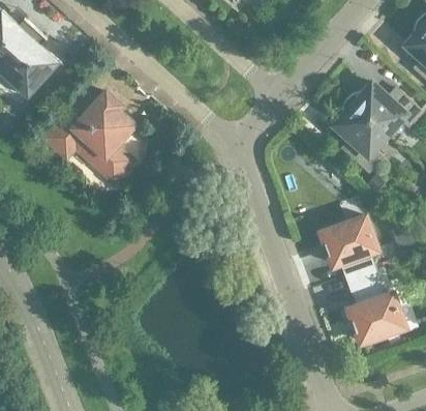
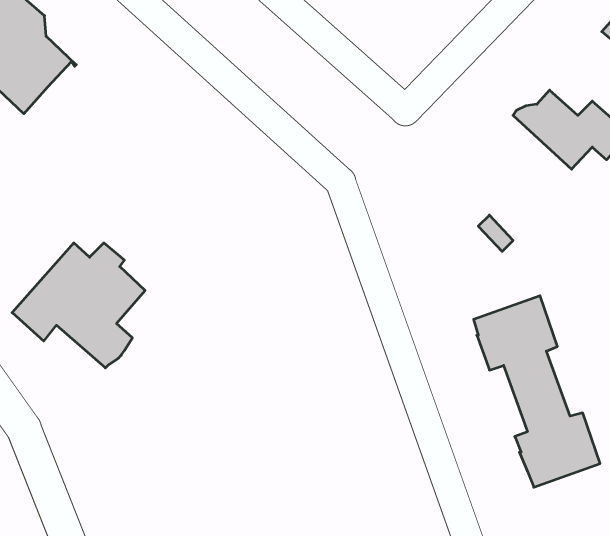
building: [47,92,133,174] -> [12,243,145,368]
building: [334,99,386,173] -> none

